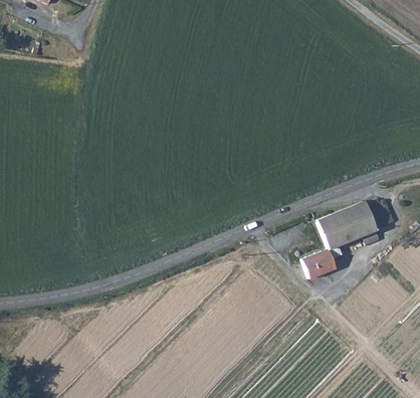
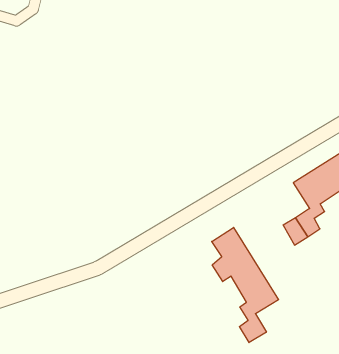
building: none -> [212,227,279,343]

